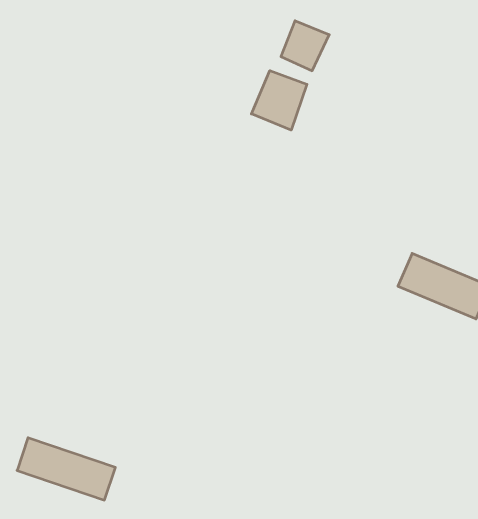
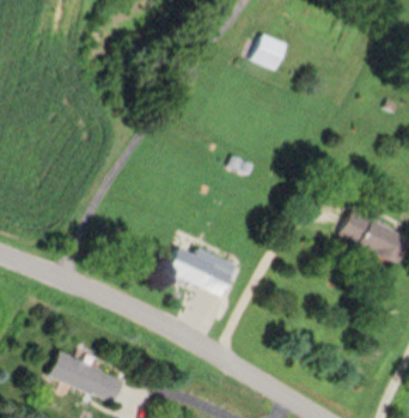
building: [251,71,307,130] -> none
building: none -> [167,248,237,296]

